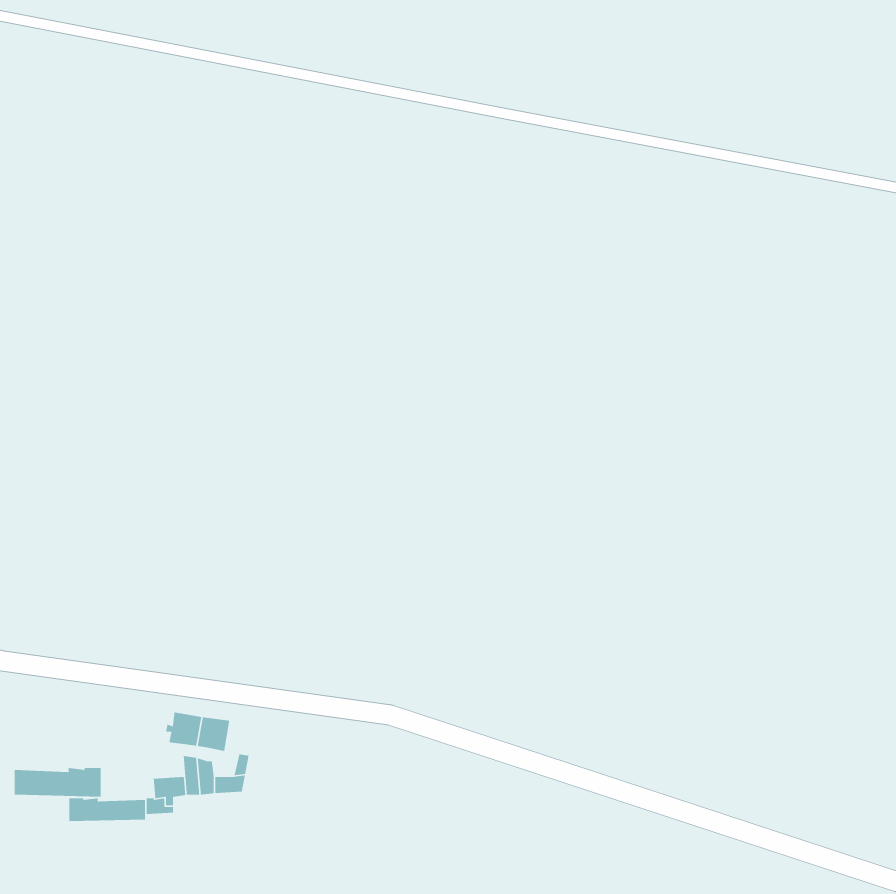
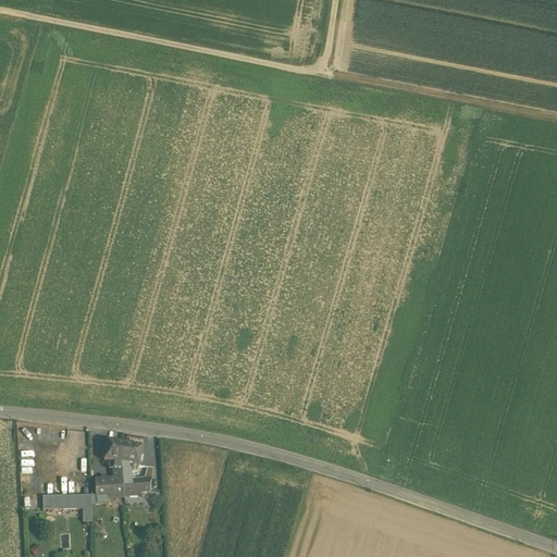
building: [14,767,102,797] -> none

